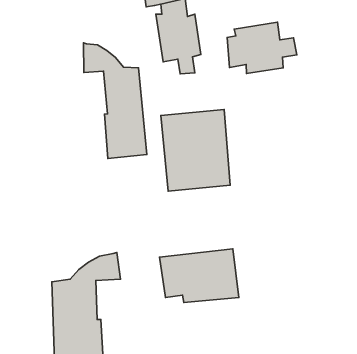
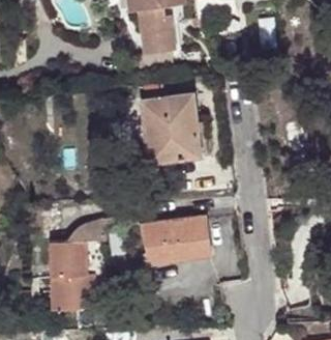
building: [227,22,297,73] -> none
building: [83,43,147,158] -> none

